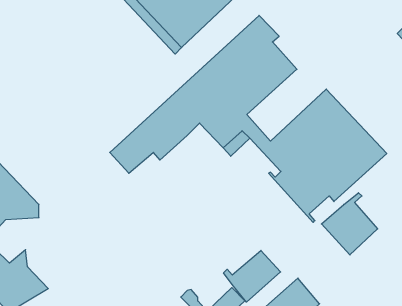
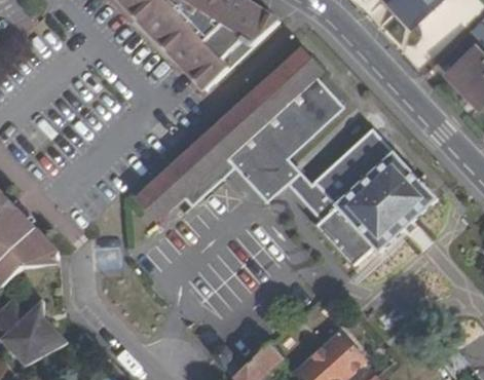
building: [321,193,378,255] -> none
building: [224,250,281,302] -> none

